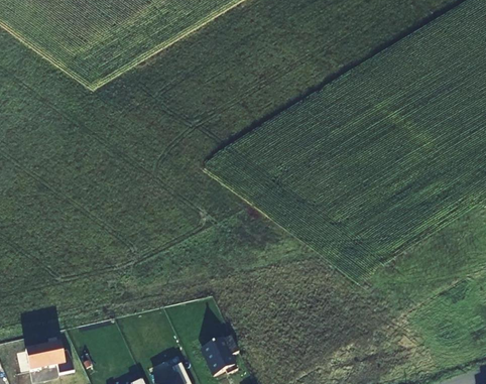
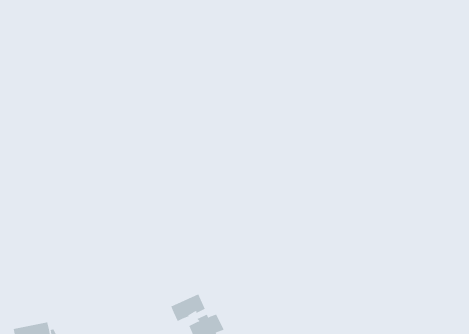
building: none -> [170,293,206,322]

